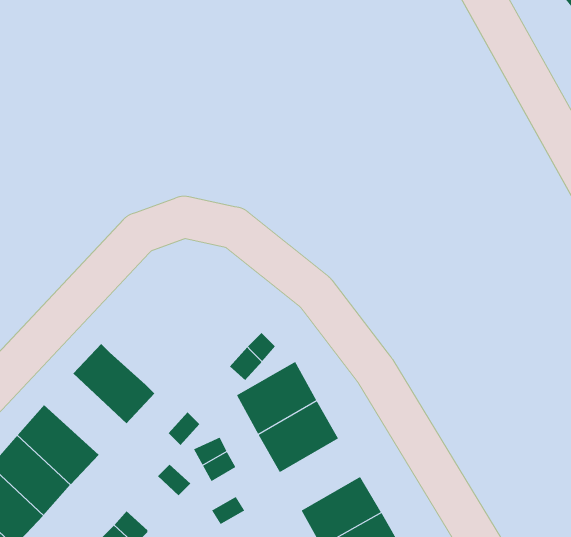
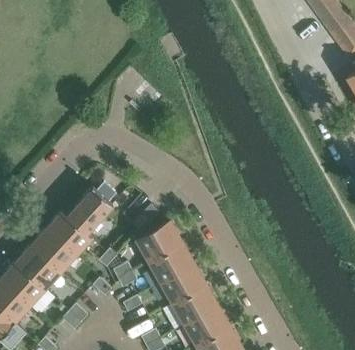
building: none -> [67,187,113,234]
building: none -> [30,228,76,273]
building: none -> [161,264,206,304]

